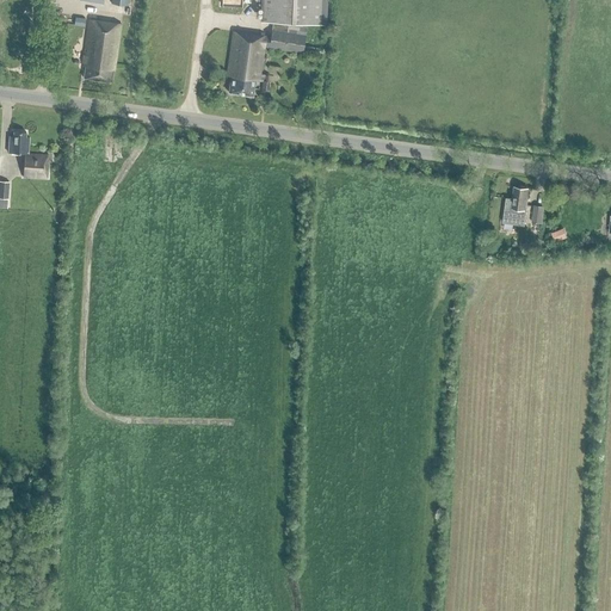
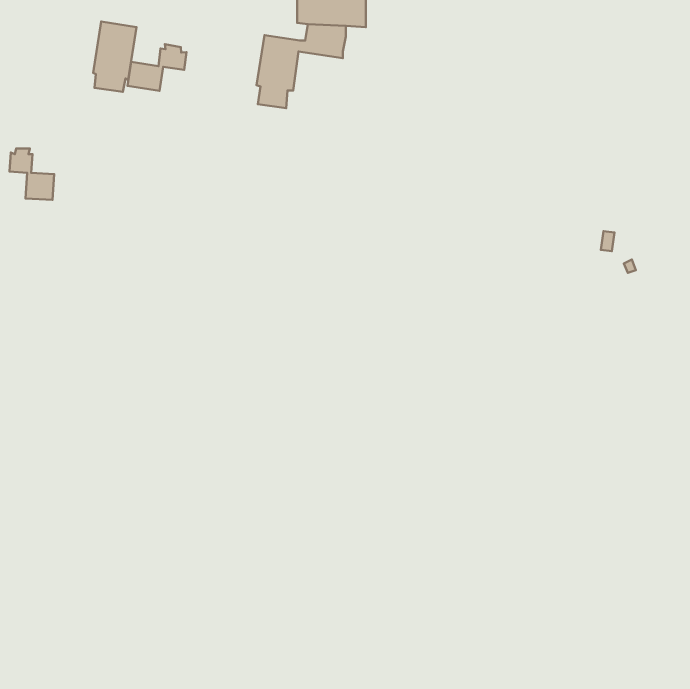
building: none -> [127,44,186,91]
building: [502,185,527,224] -> none

